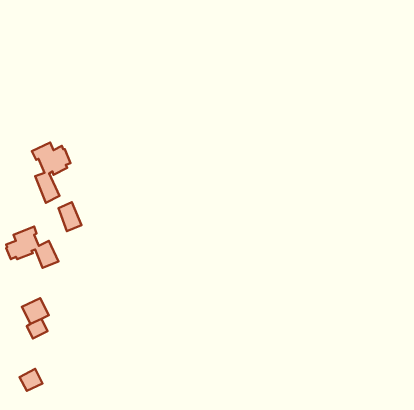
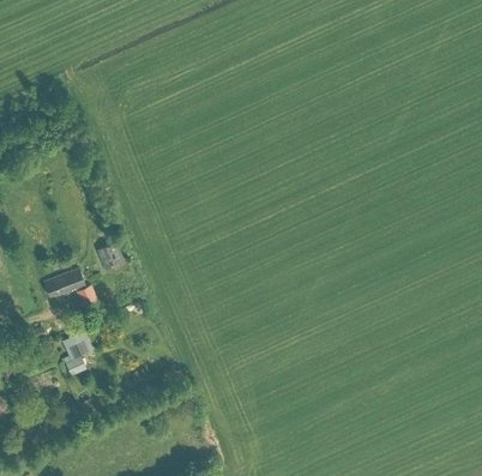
building: [32,143,71,203] -> none

